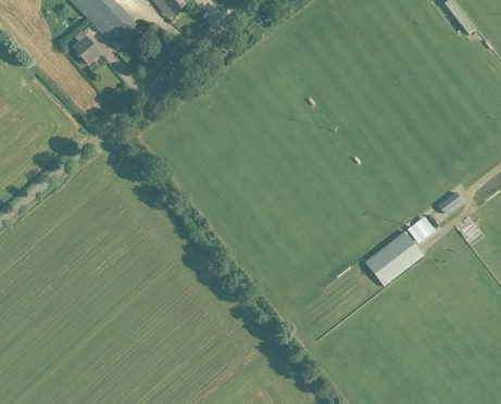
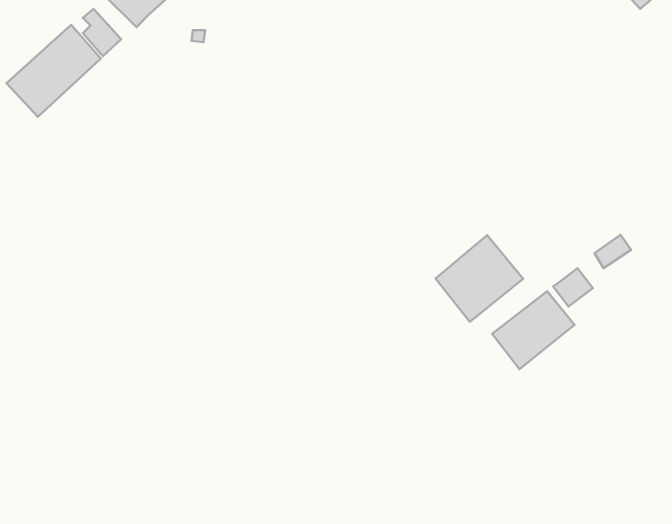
building: none -> [6,25,101,117]
building: none -> [436,235,523,322]

